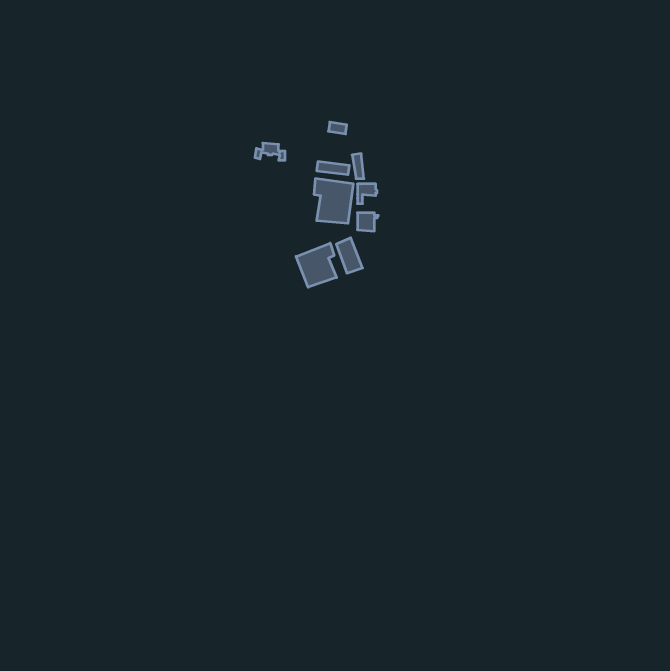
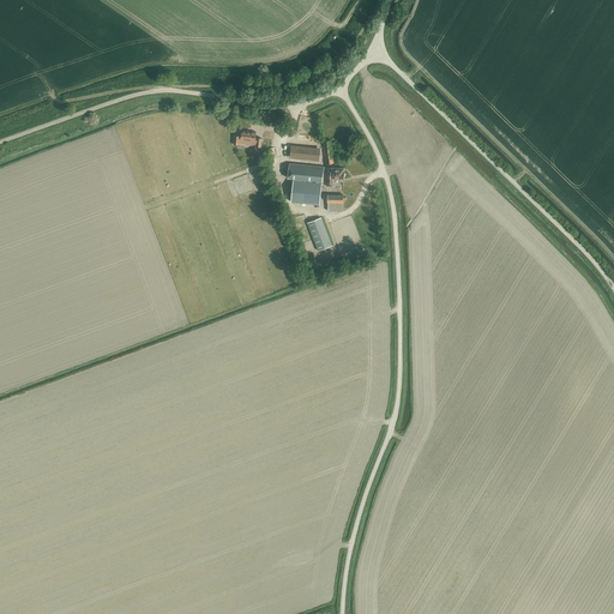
building: [296,243,337,287] -> none

